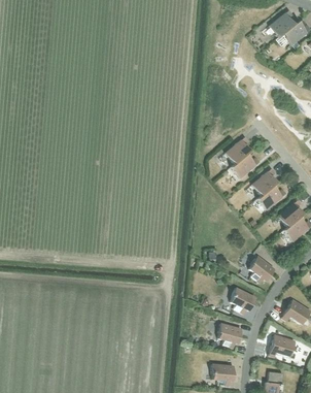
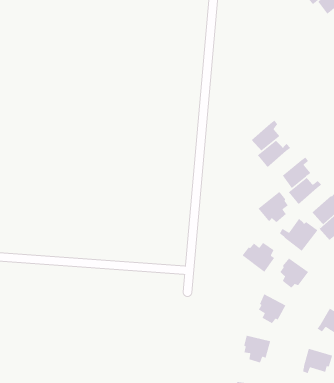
building: none -> [257,191,289,223]
building: none -> [279,218,318,252]
building: none -> [241,242,275,273]

